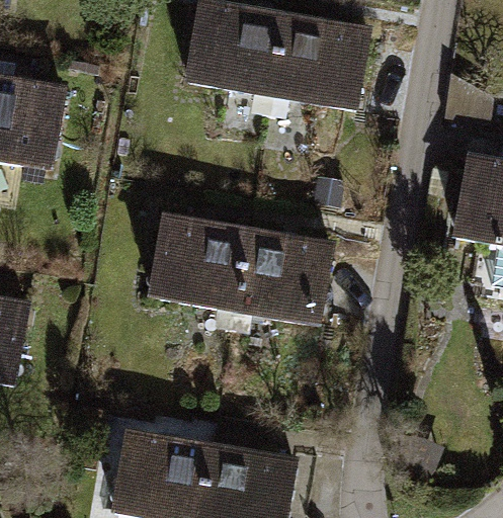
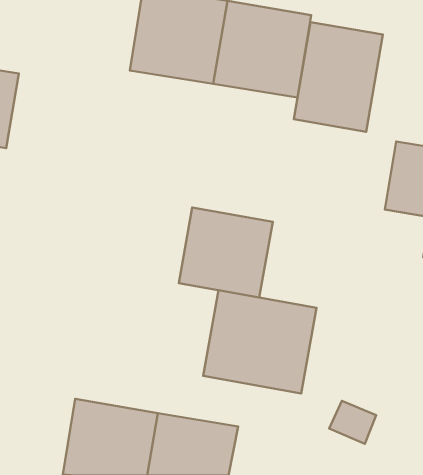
building: none -> [294,22,383,132]
building: [146,214,250,310] -> none
building: none -> [203,290,316,393]

